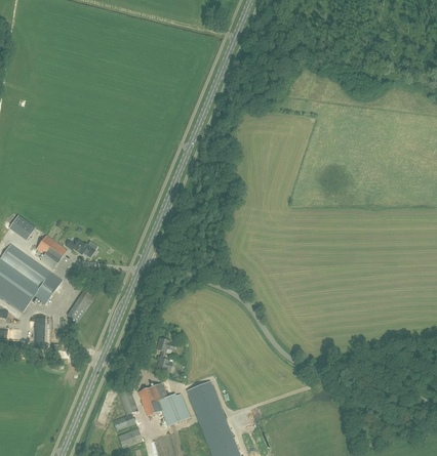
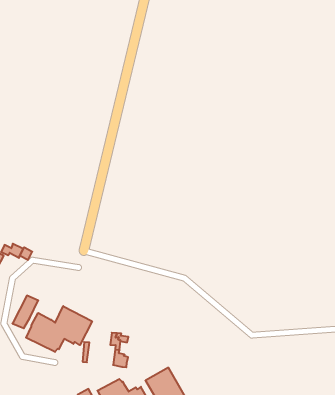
building: none -> [26,306,92,352]

